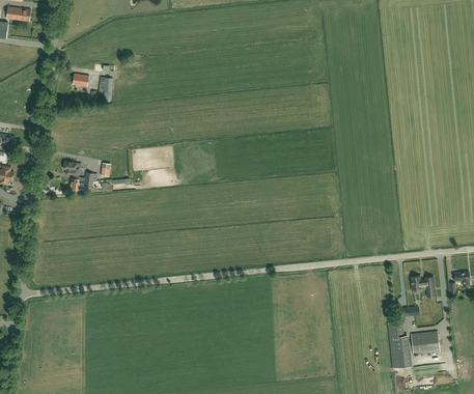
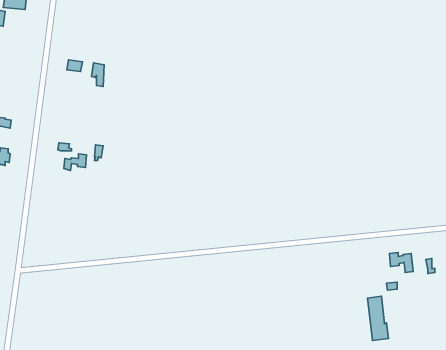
building: [410,332,439,356] -> none

